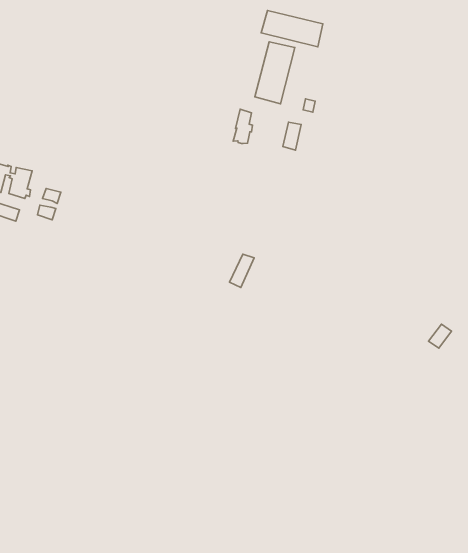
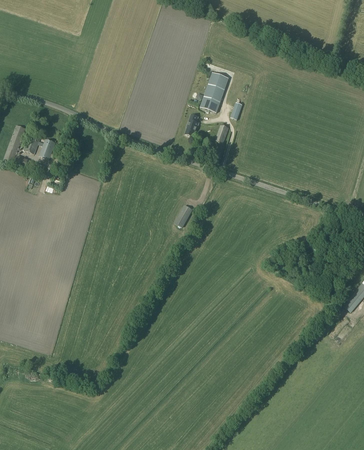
building: [261,10,323,47] -> none

